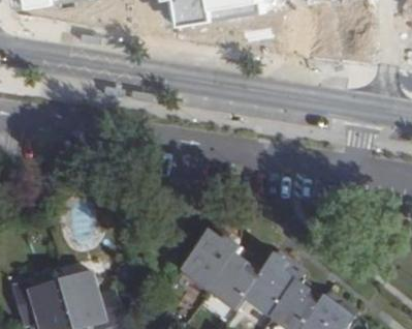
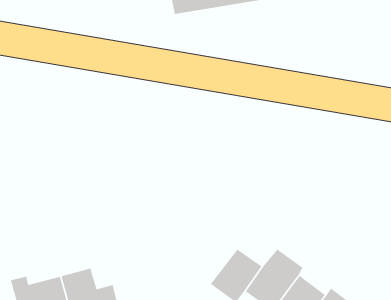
building: [183,230,241,292] -> none

